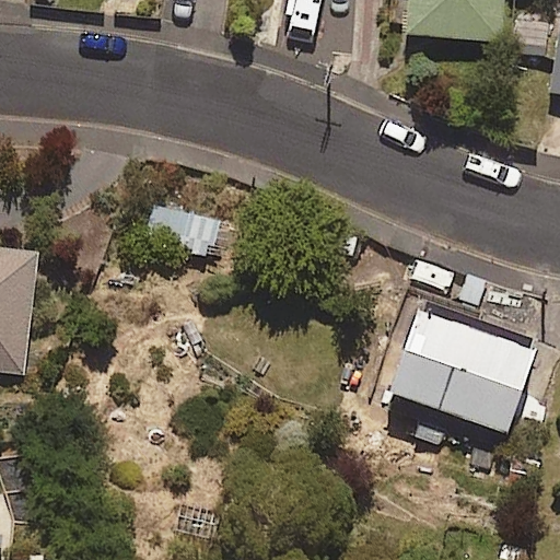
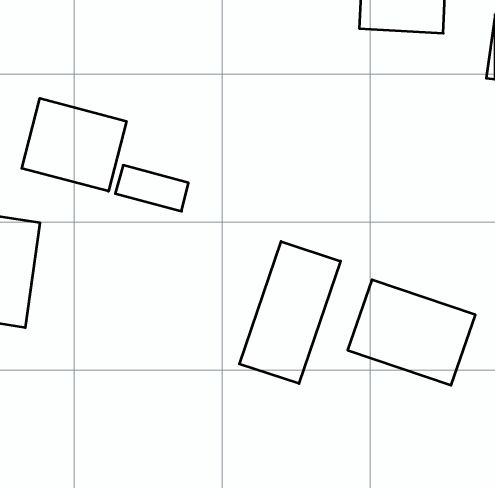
building: none -> [22,98,126,191]
building: none -> [239,241,341,384]

